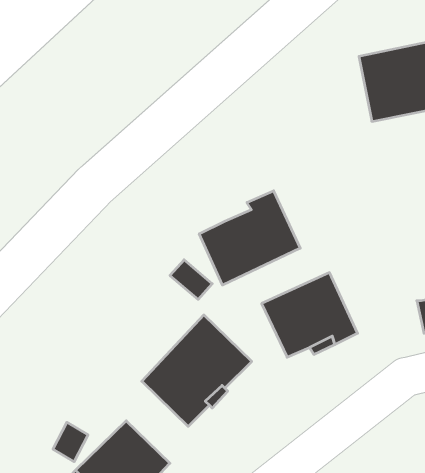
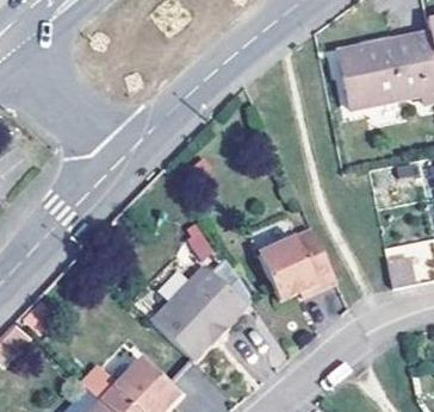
building: [199,191,300,285] -> none

